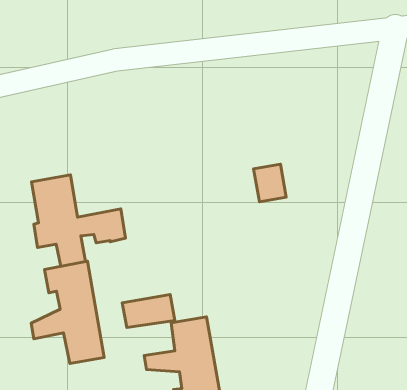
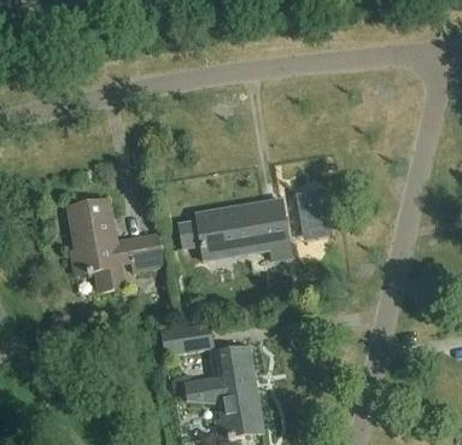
building: none -> [179,198,291,259]
building: [31,261,104,364] -> none

